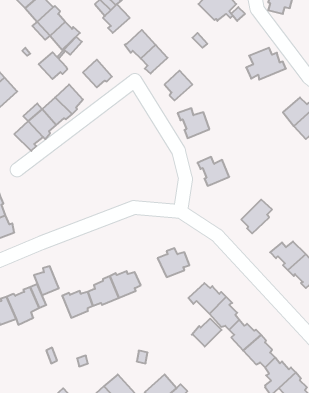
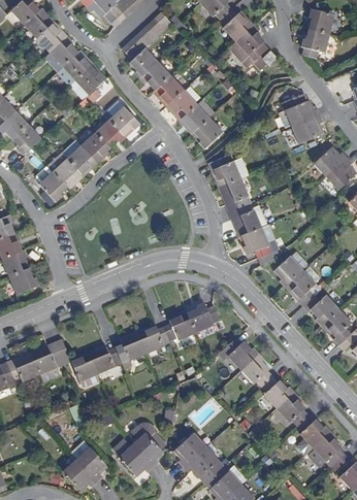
building: none -> [140,63,170,90]
building: [39,52,67,79] -> [95,120,125,147]
building: none -> [182,104,209,135]
building: none -> [292,115,324,143]
building: none -> [218,178,248,213]
building: none -> [241,228,271,259]
building: none -> [285,270,316,306]
building: none -> [163,310,196,340]
building: [34,266,59,295] -> [71,352,97,381]
building: [192,319,222,347] -> none

